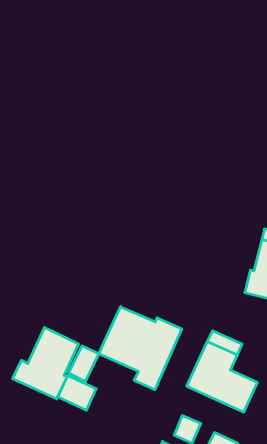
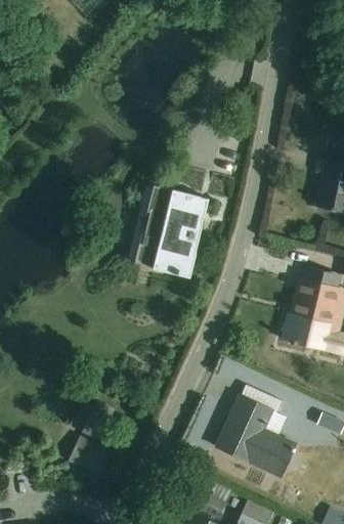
building: none -> [133,187,206,278]
building: [99,307,182,390] -> none
building: [13,327,78,399] -> none

